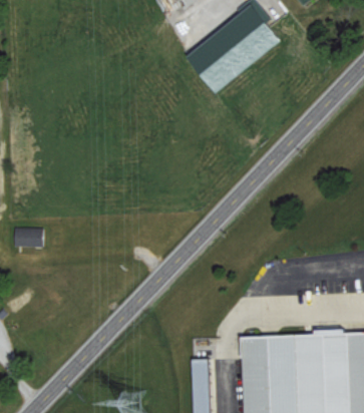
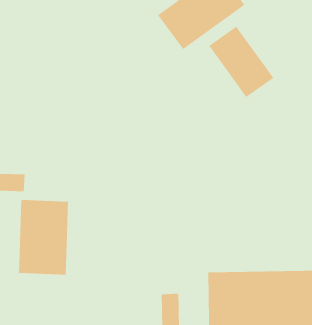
building: none -> [208,26,274,98]
building: none -> [18,199,69,276]

